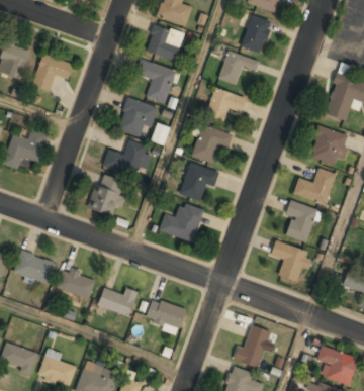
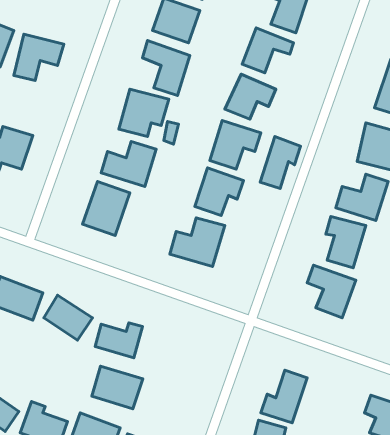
building: none -> [260,136,301,189]
building: [145,298,186,332] -> [92,366,143,409]

